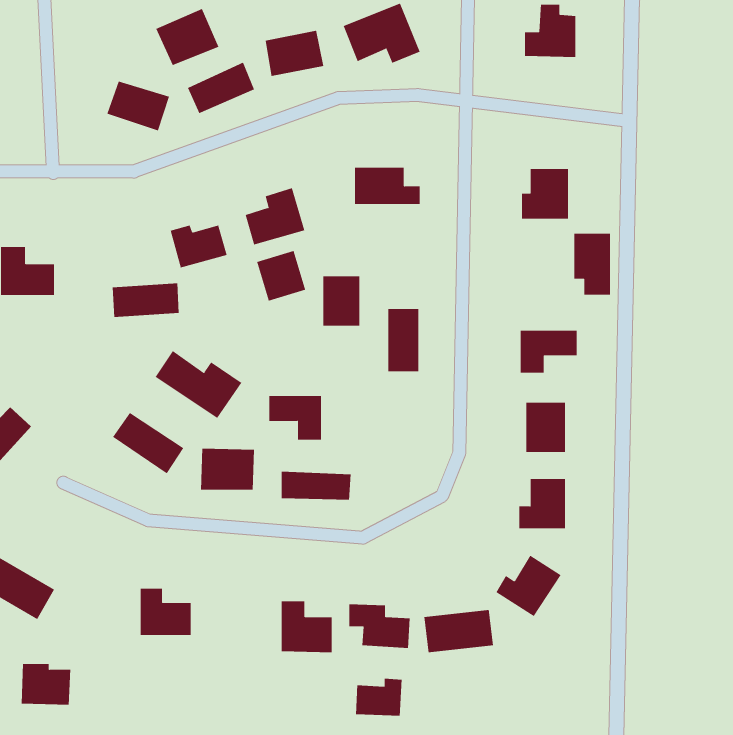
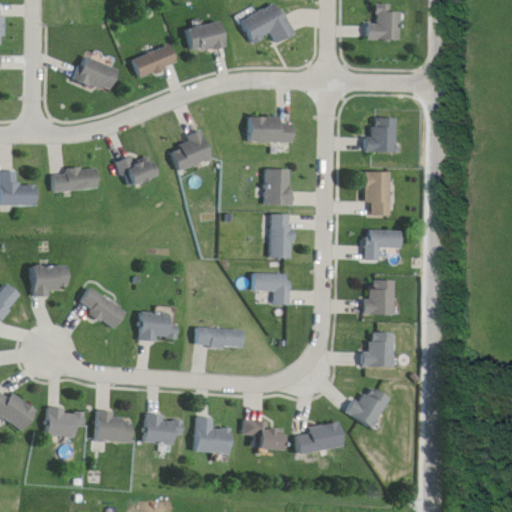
building: [156,8,219,66] -> none
building: [574,233,611,295] -> [362,171,388,214]
building: [256,250,306,301] -> none
building: [323,276,360,326] -> [264,169,290,204]
building: [112,283,180,317] -> [52,167,99,191]
building: [155,350,242,419] -> none
building: none -> [32,264,70,294]
building: [268,395,322,440] -> [252,273,289,304]
building: none -> [144,415,182,443]
building: [21,664,71,705] -> [46,407,81,436]
building: [356,678,402,716] -> none

